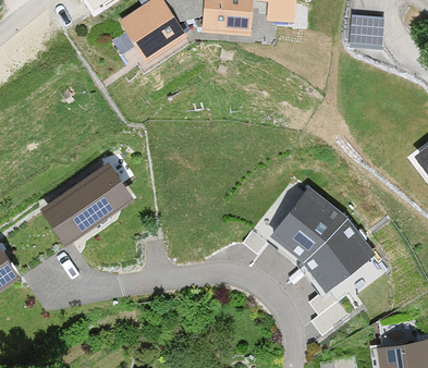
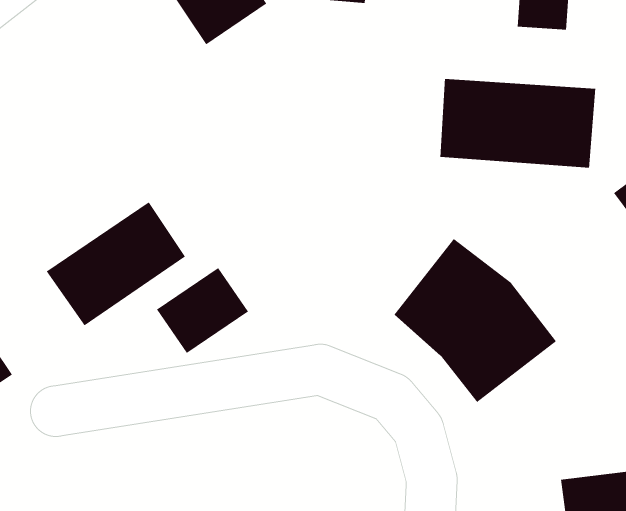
building: none -> [440,78,596,169]
building: none -> [156,267,249,354]

